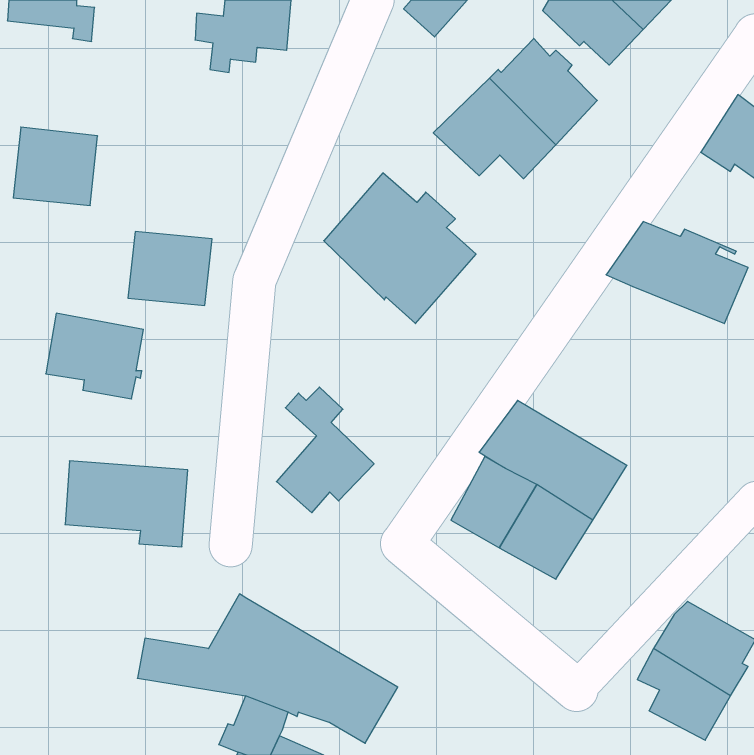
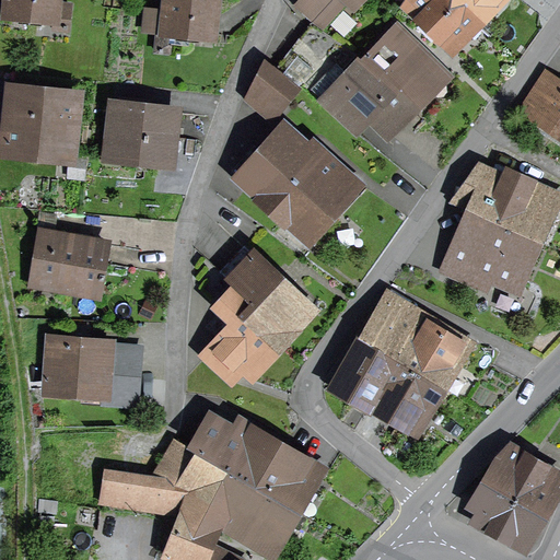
building: none -> [245,59,299,119]
building: [128,232,212,305] -> [112,106,174,161]
building: none -> [444,212,537,290]
building: none -> [221,247,311,343]
building: none -> [196,419,319,509]

